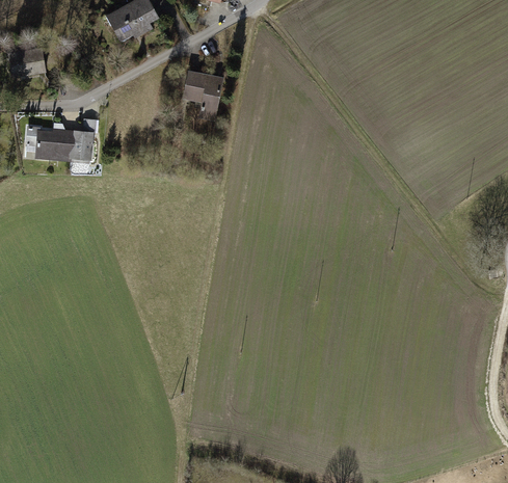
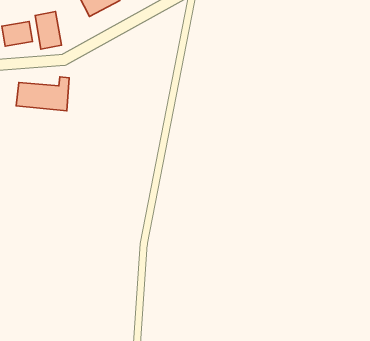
building: none -> [35,12,61,49]
building: [182,71,222,120] -> none

